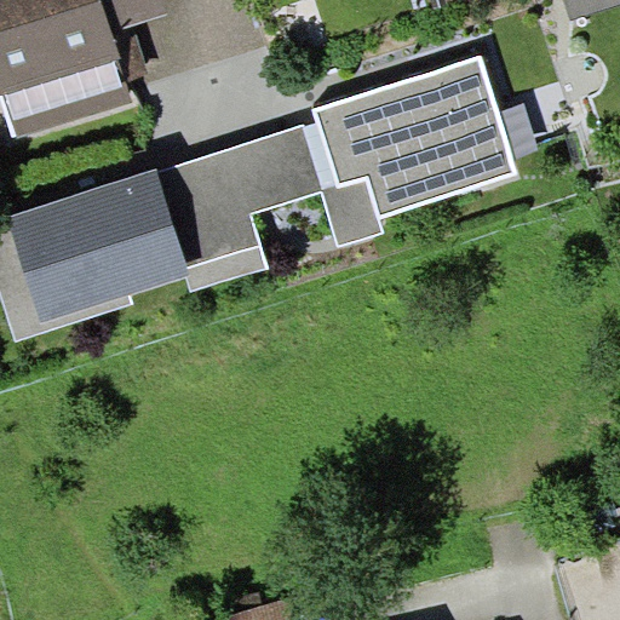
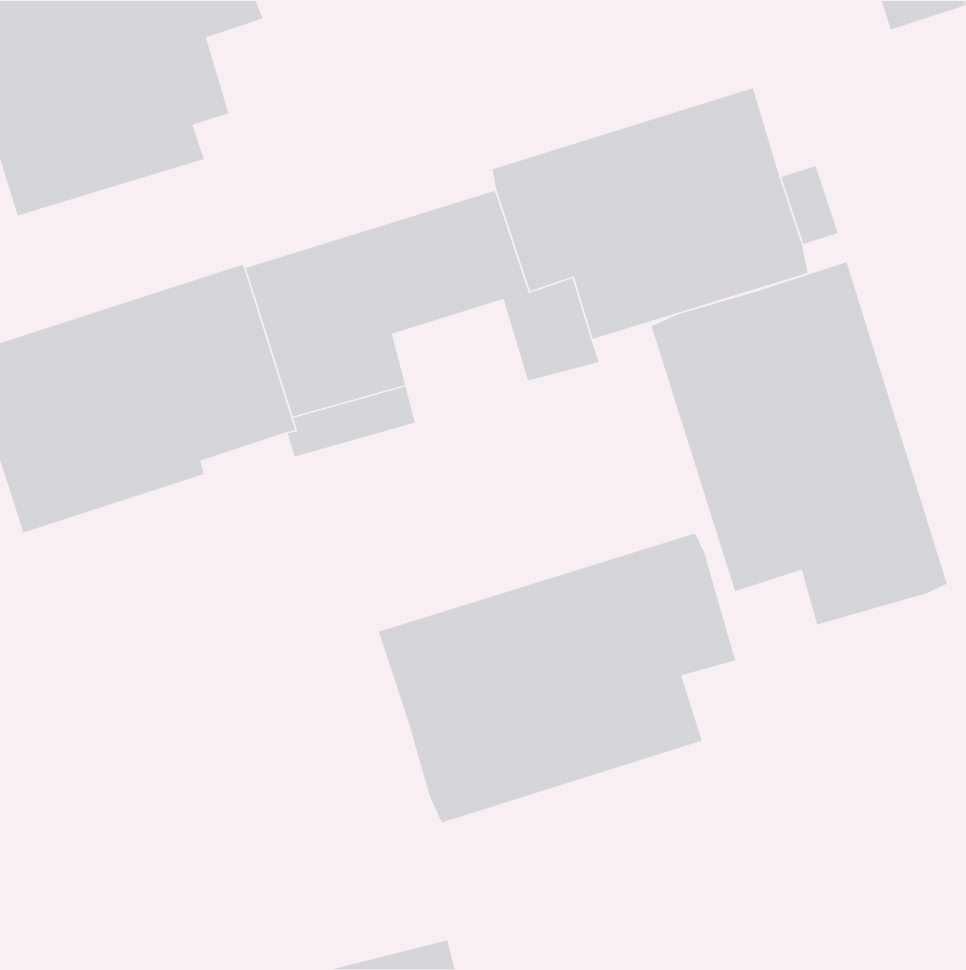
building: none -> [651,261,948,626]
building: none -> [378,532,736,823]

